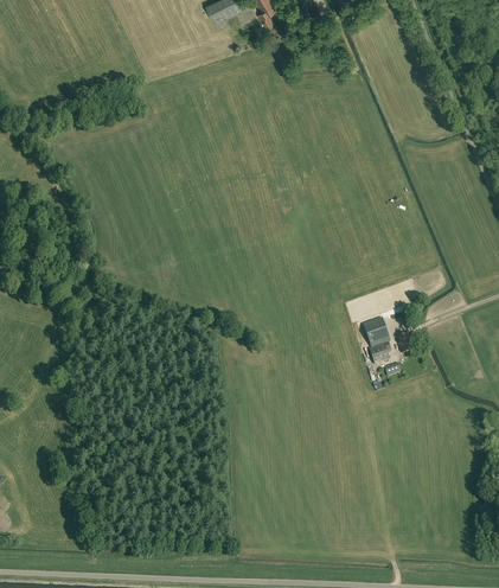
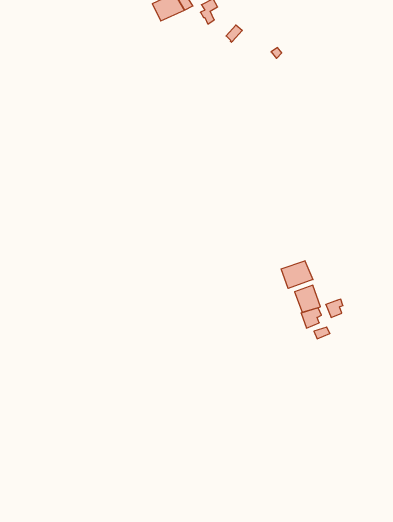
building: none -> [281,261,313,288]

